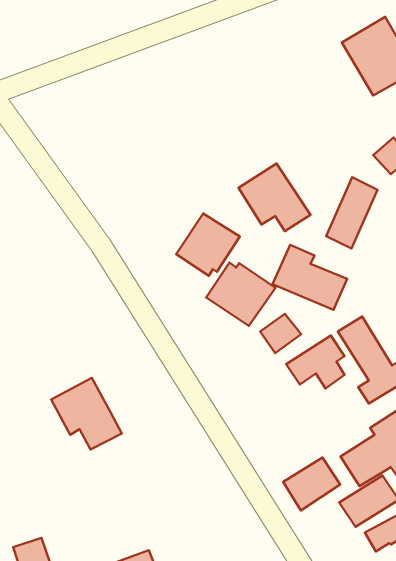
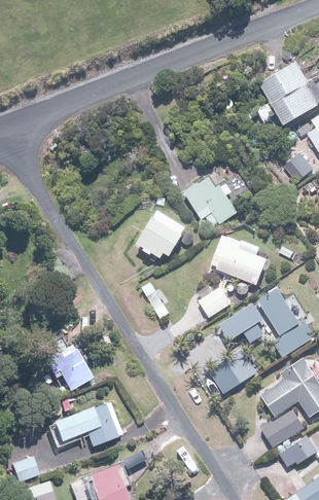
building: [326,177,378,249] -> none
building: [206,263,276,326] -> none
building: [283,457,340,510] -> [210,353,253,393]
building: none -> [56,402,121,447]

